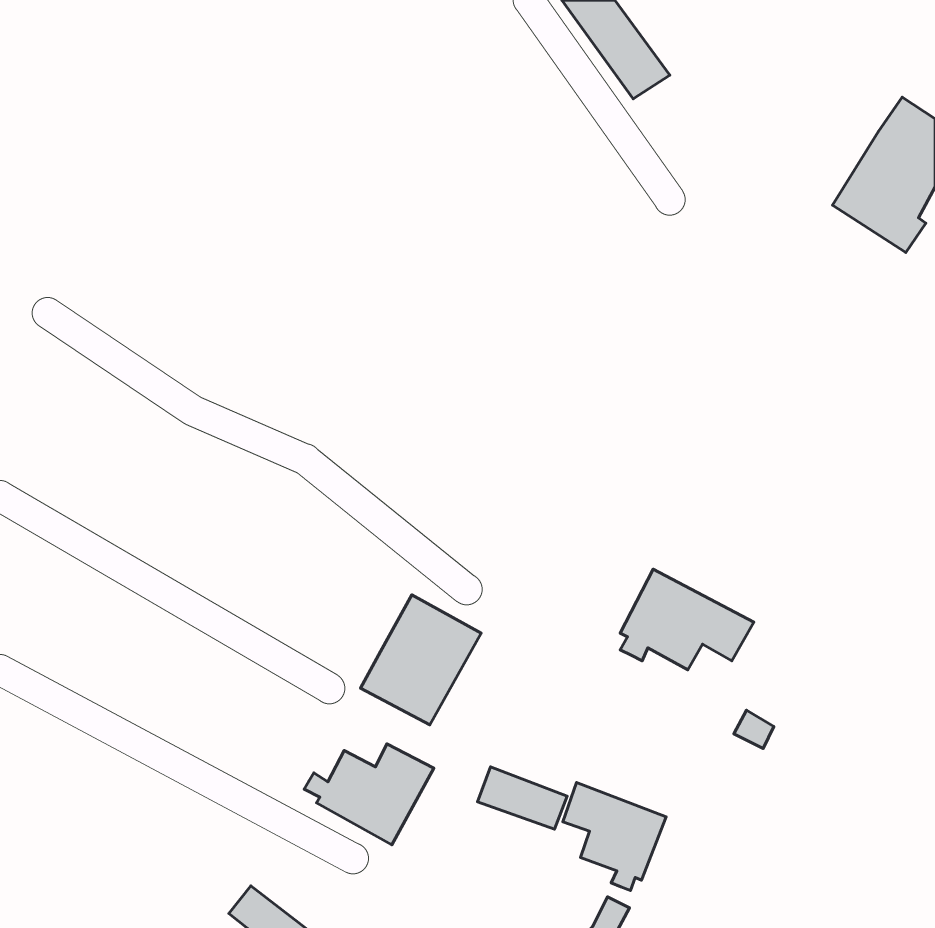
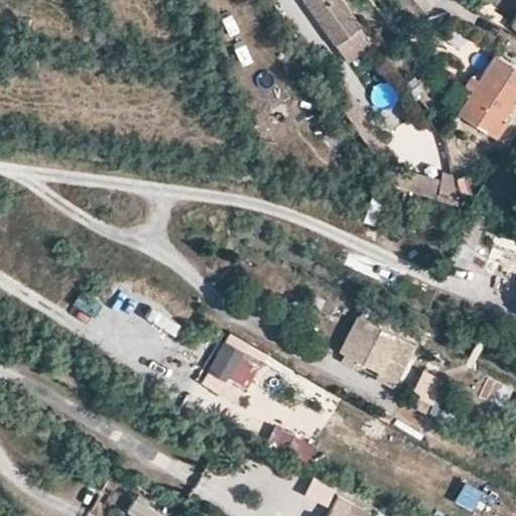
building: [304,744,434,845] -> none
building: [563,783,666,891] -> none

